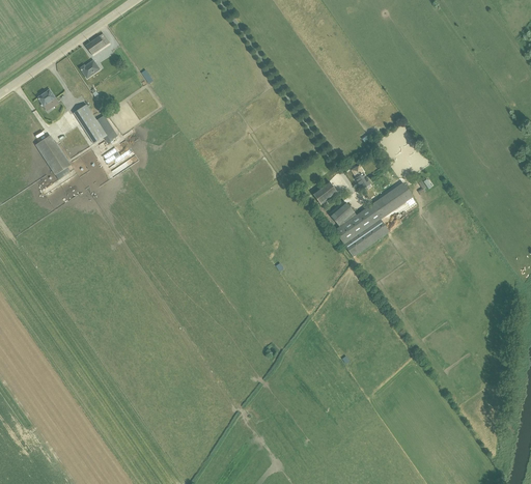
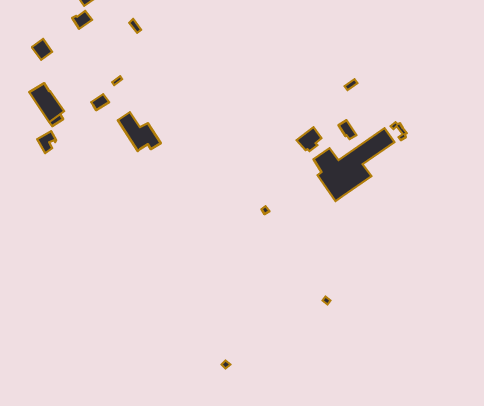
building: [74,103,118,143] -> [118,112,161,151]

